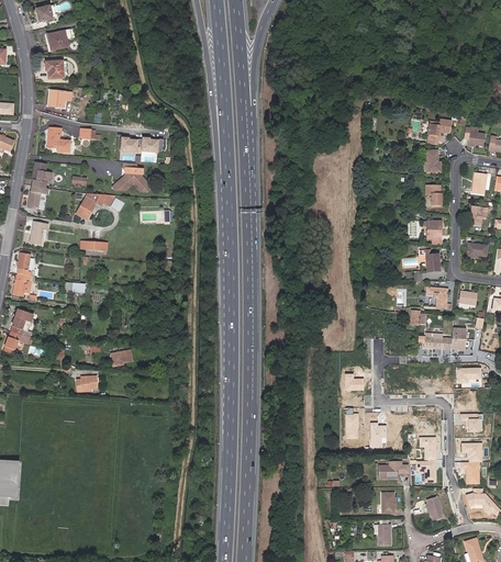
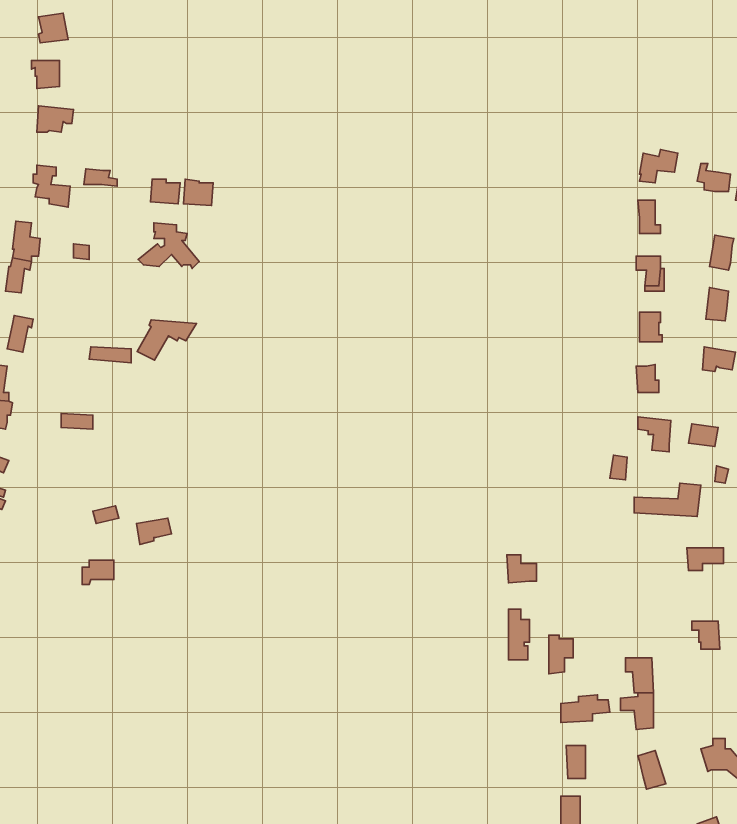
building: [77,194,114,220] -> [137,320,196,360]
building: [461,442,481,481] -> none

